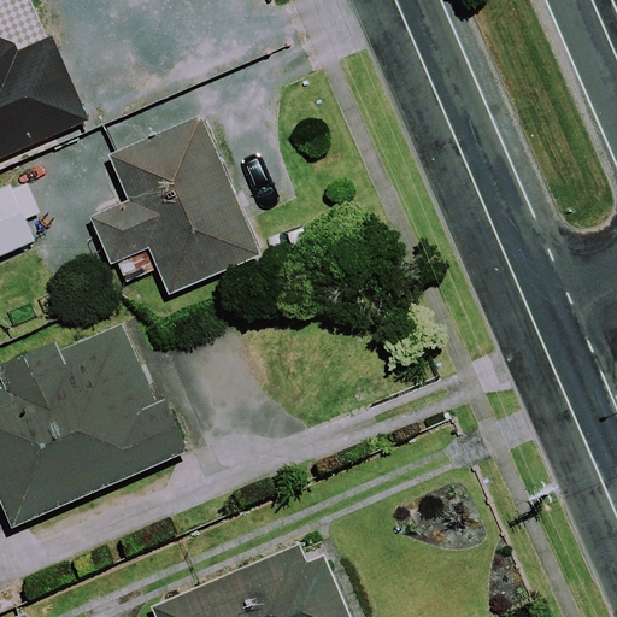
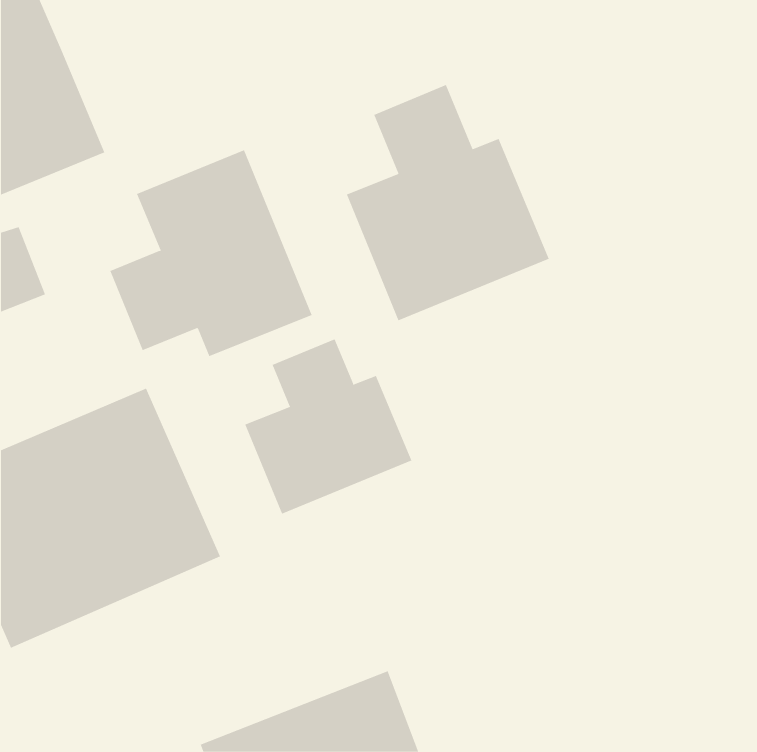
building: none -> [346,84,550,321]
building: none -> [245,338,412,515]

